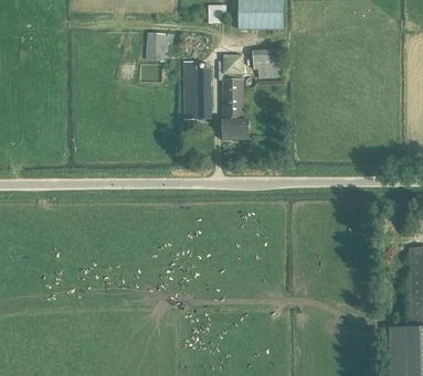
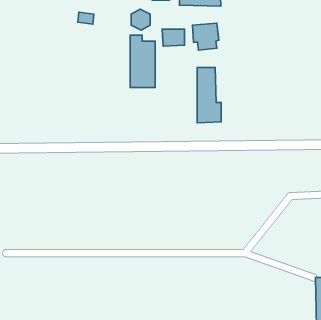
building: [147,33,175,61] -> none
building: [223,79,250,140] -> [197,67,221,123]

